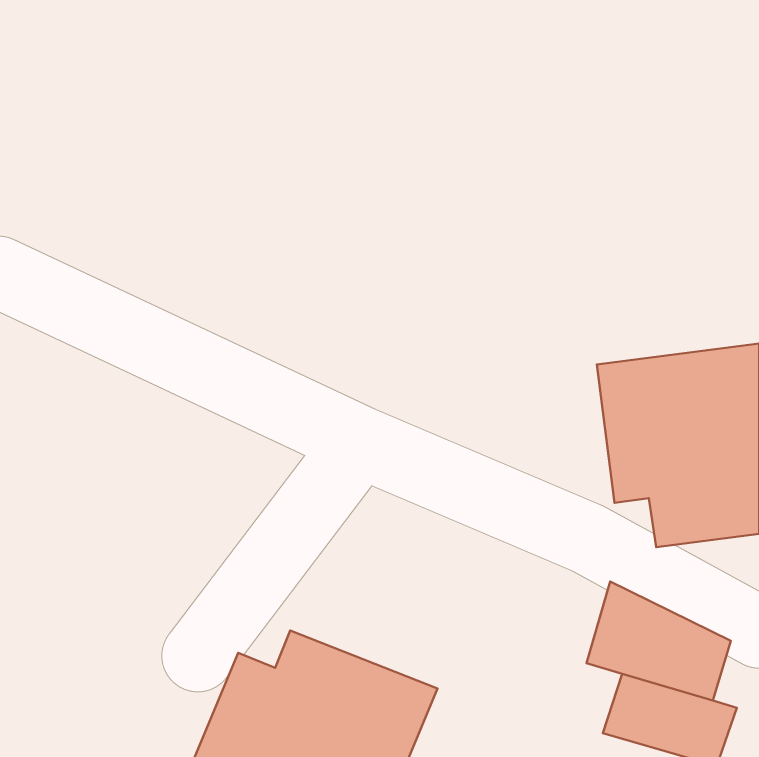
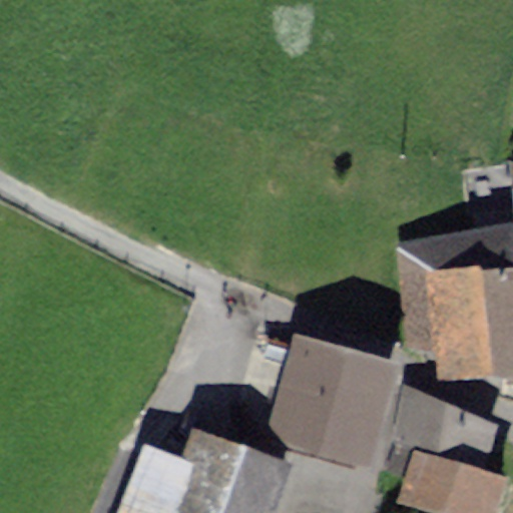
building: none -> [268,339,394,468]

